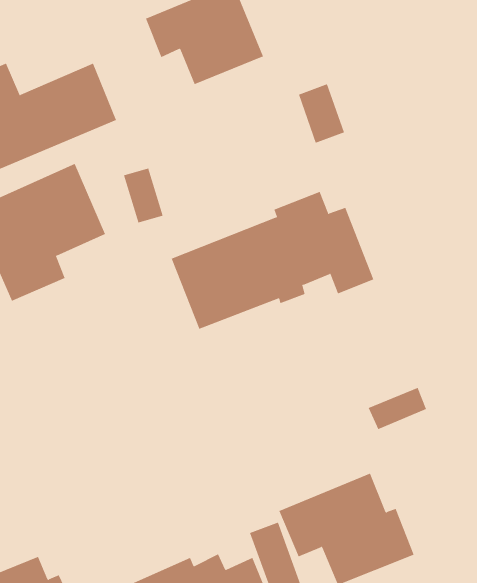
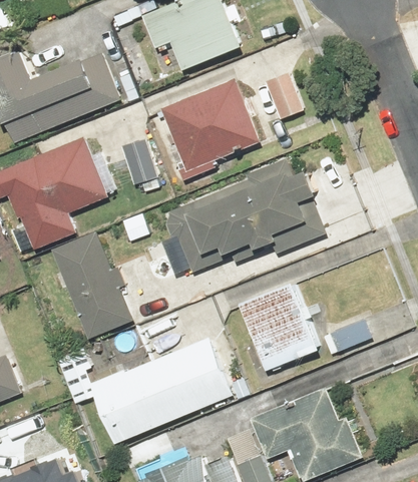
building: none -> [160,77,262,182]
building: none -> [52,231,132,338]
building: none -> [238,282,323,372]
building: none -> [88,340,229,445]

